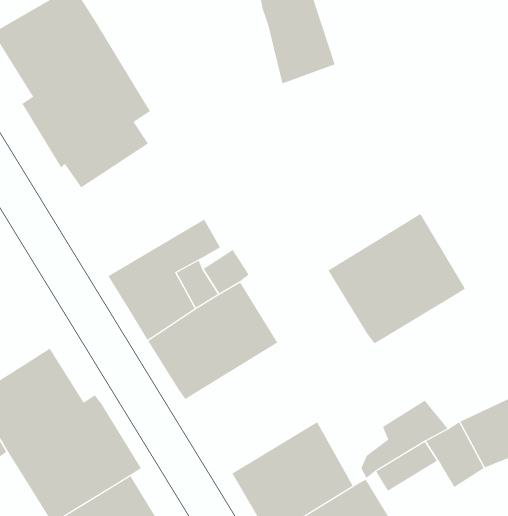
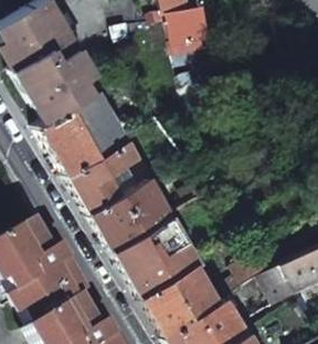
building: none -> [39,87,127,171]
building: [328,213,466,344] -> [115,212,200,293]

